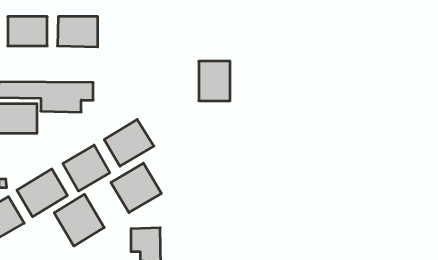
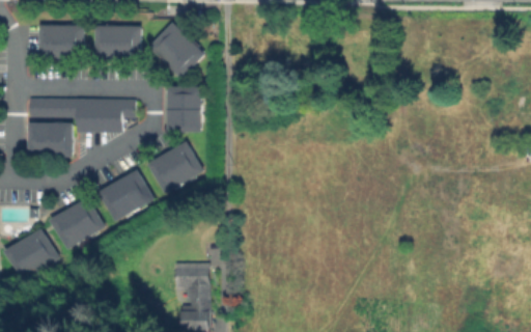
building: none -> [149,23,204,79]
building: [199,61,230,101] -> [166,87,201,132]
building: [111,163,161,213] -> none
building: [54,194,104,246] -> none

